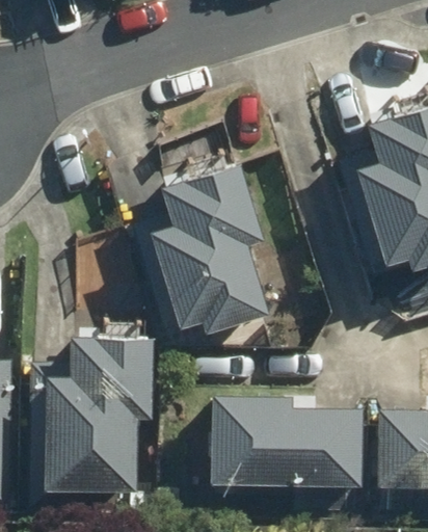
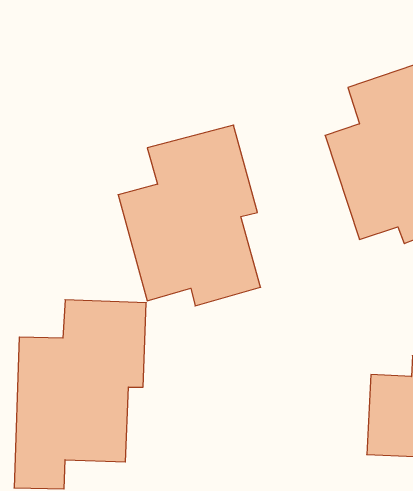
building: [211,390,367,490] -> none

